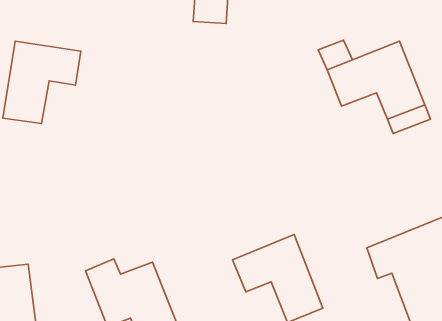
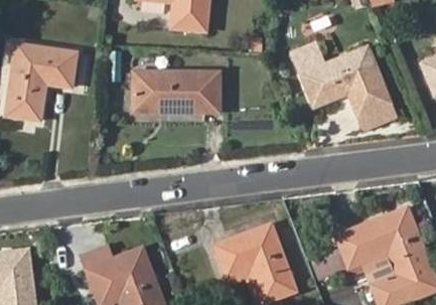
building: none -> [133,69,220,112]

